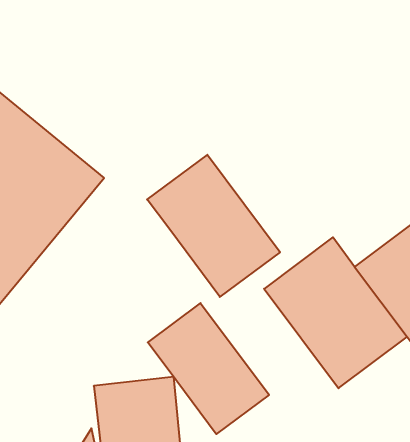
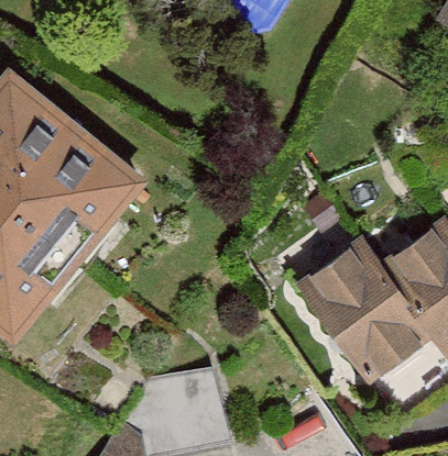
building: [147,155,280,297] -> none
building: [148,303,269,434] -> none

